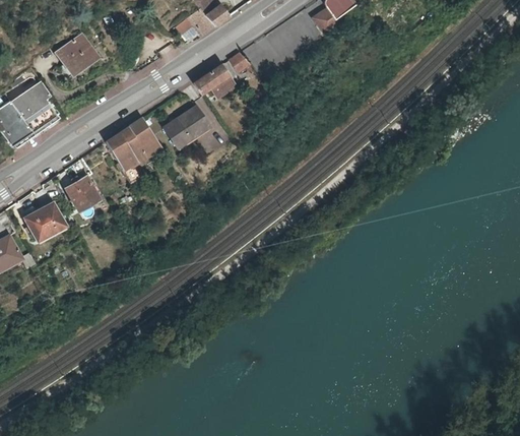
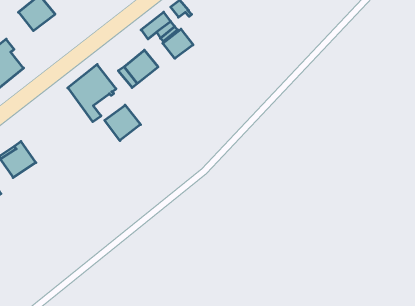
building: none -> [163,29,193,58]
building: none -> [105,105,141,141]
building: [65,177,98,209] -> none

